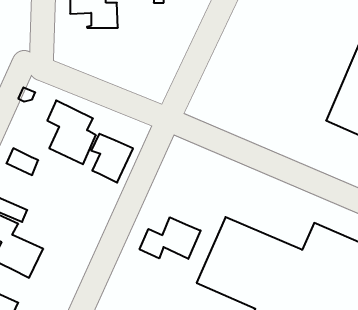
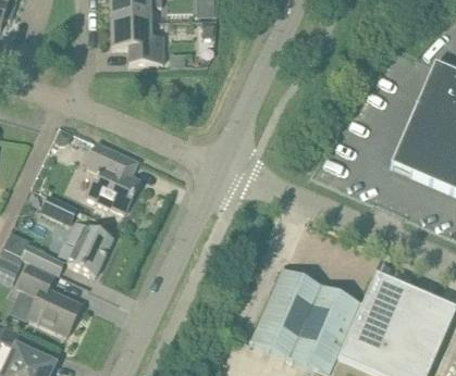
building: [91,134,133,183] -> [66,221,112,274]
building: [140,217,201,259] -> none

